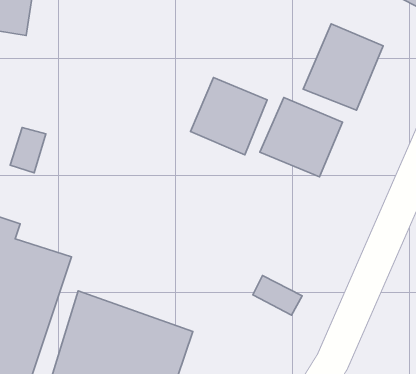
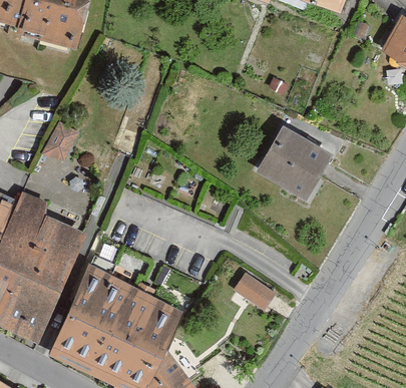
building: [303,24,383,110] -> none
building: [191,77,267,155] -> none

